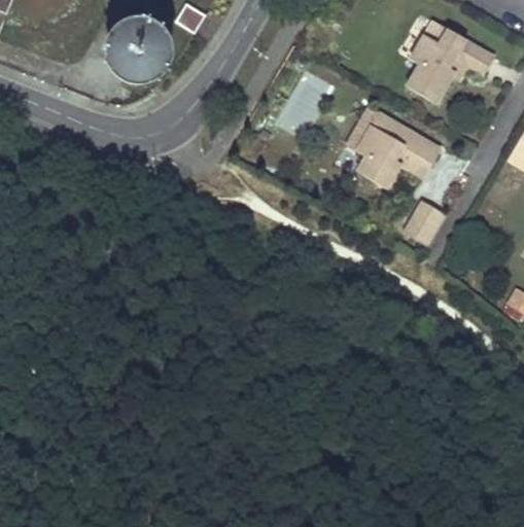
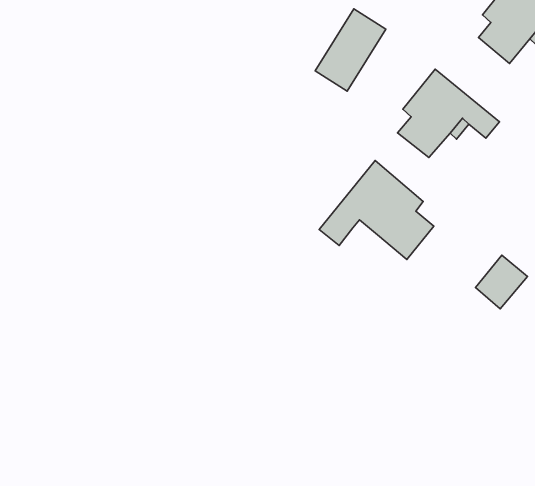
building: none -> [319,161,434,259]
building: [406,200,448,245] -> [476,255,528,309]

